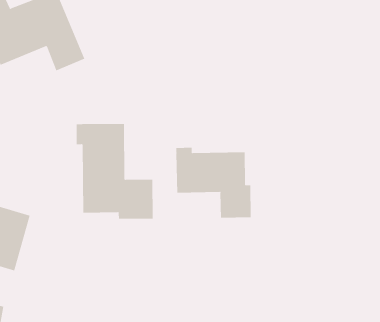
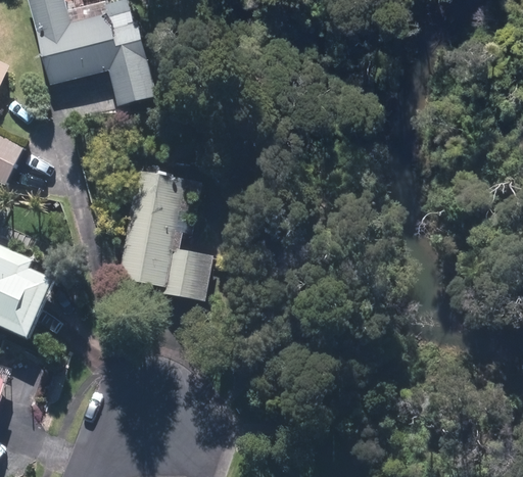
building: [176,147,251,219] -> none

